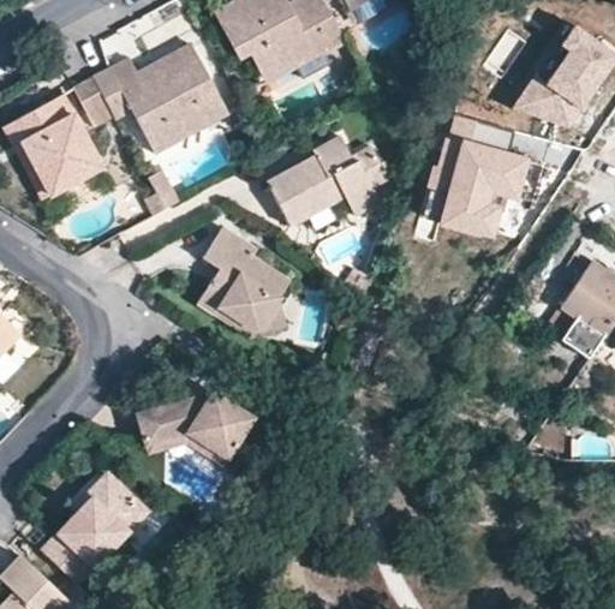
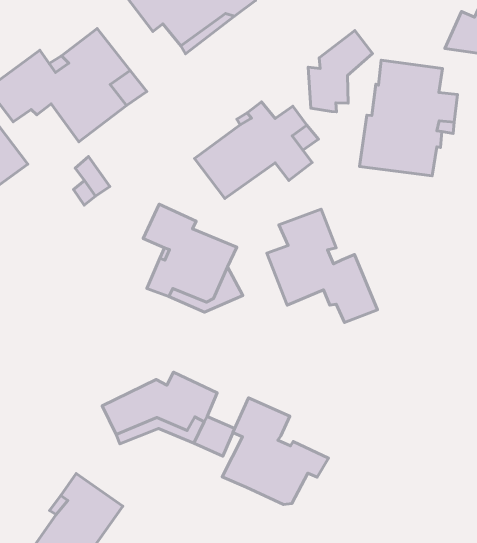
building: none -> [308,31,372,112]
building: none -> [267,209,377,323]
building: none -> [222,398,328,505]

